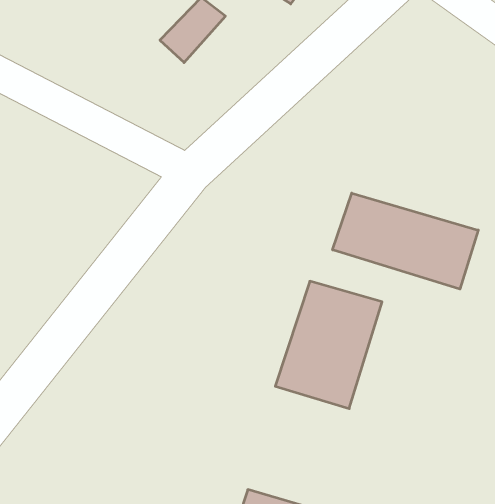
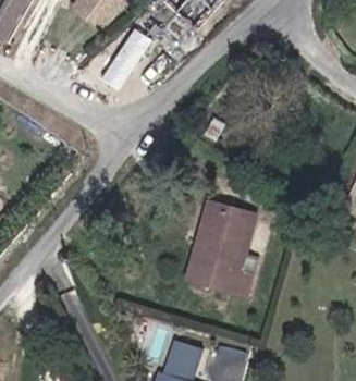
building: [333,193,478,289] -> none

